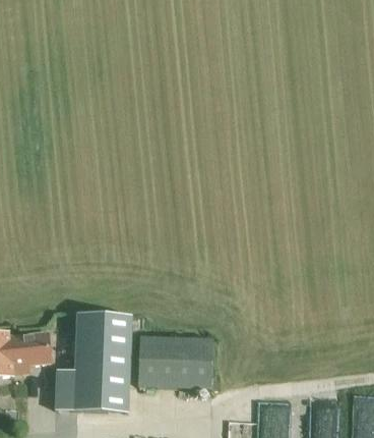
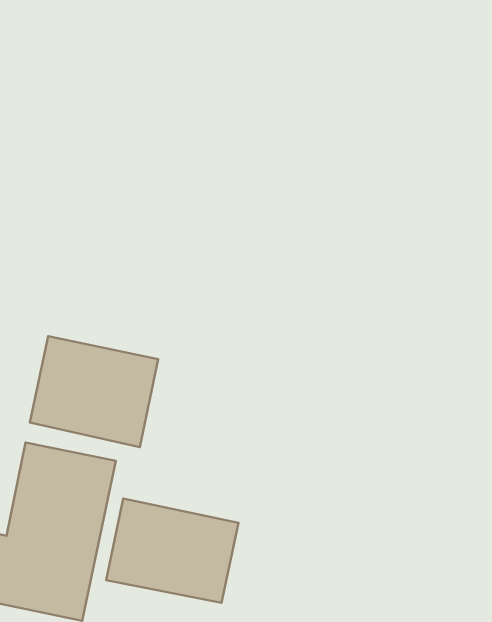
building: none -> [30,336,158,447]

